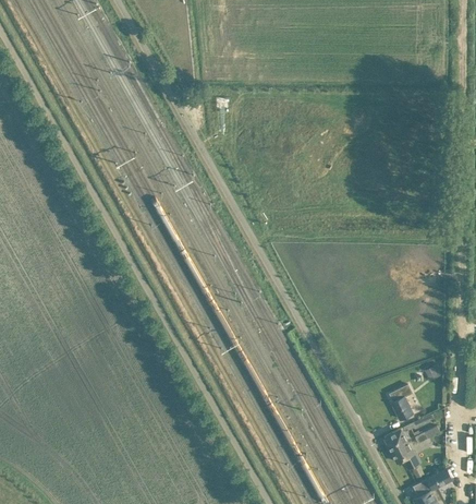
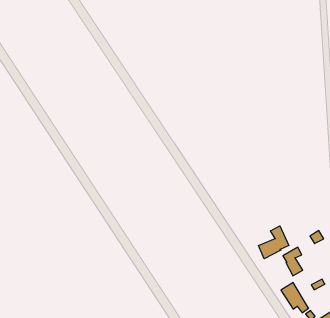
building: none -> [258,226,289,259]

